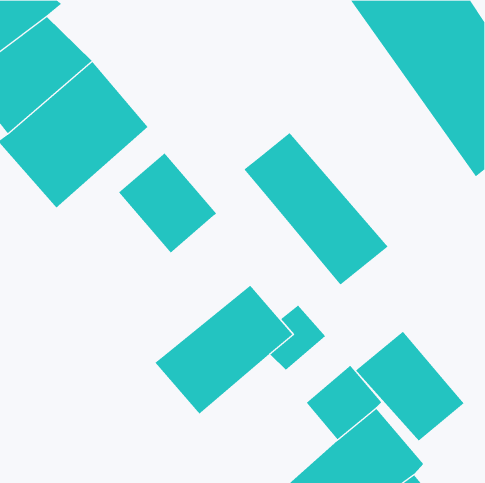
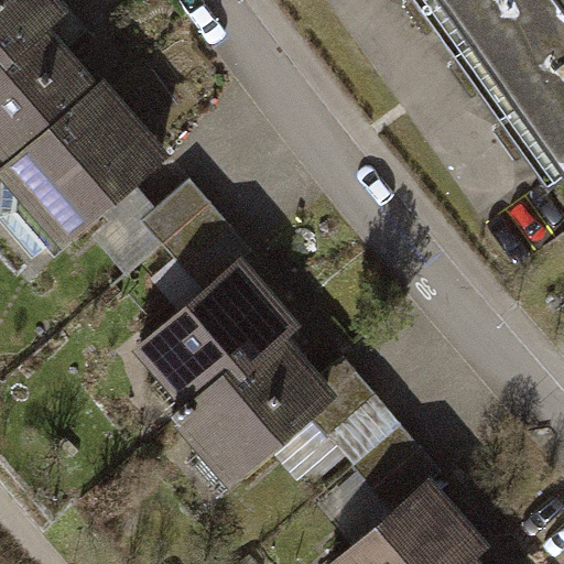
building: [244,132,388,286] -> none
building: none -> [135,254,303,414]
building: [355,331,465,442] -> none

